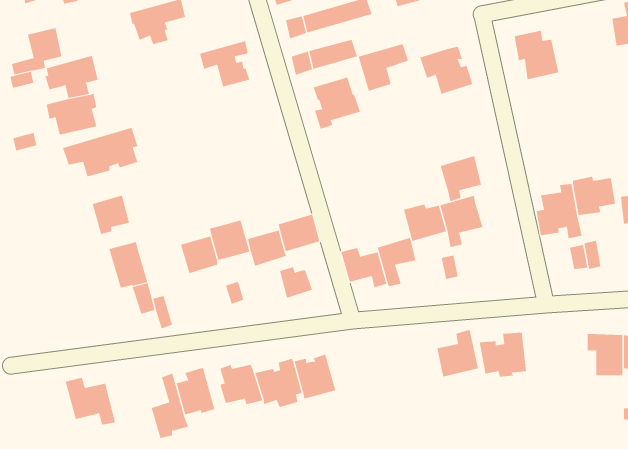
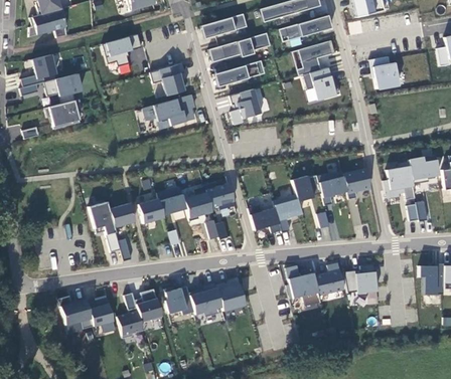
building: [358,43,409,92] -> [298,40,333,73]
building: [62,127,138,177] -> [143,93,195,128]
building: [440,156,482,202] -> [342,167,371,199]
building: [92,195,130,234] -> [110,202,136,229]
building: none -> [286,262,321,305]
building: none -> [87,294,115,333]

